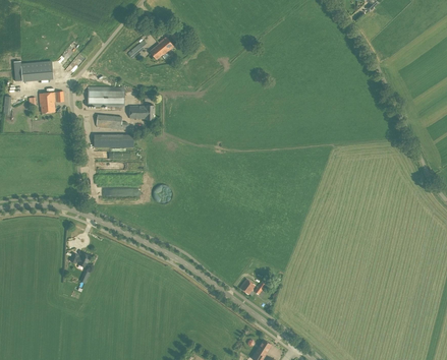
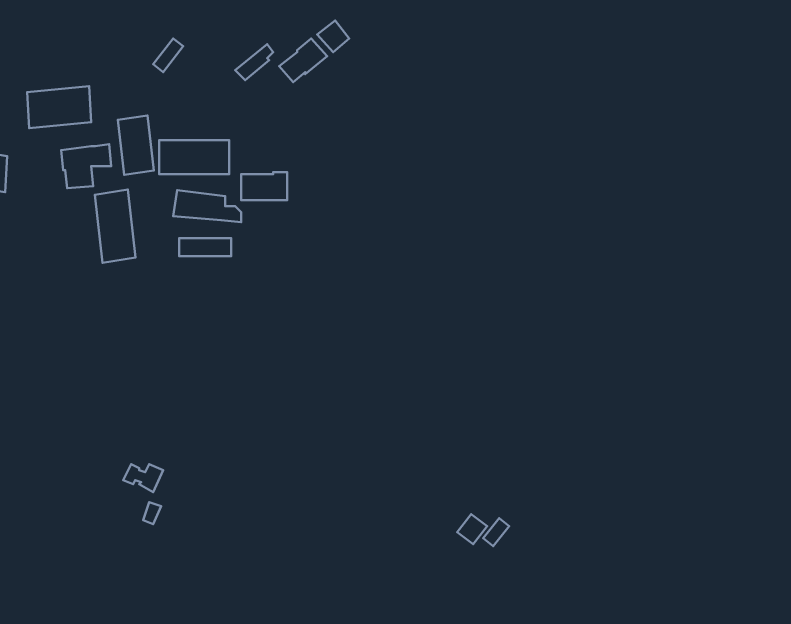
building: none -> [118,115,154,175]
building: none -> [95,189,136,263]

